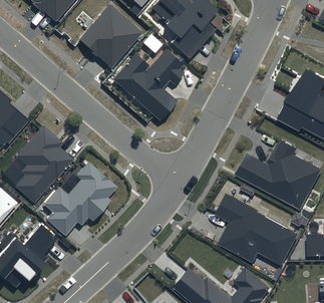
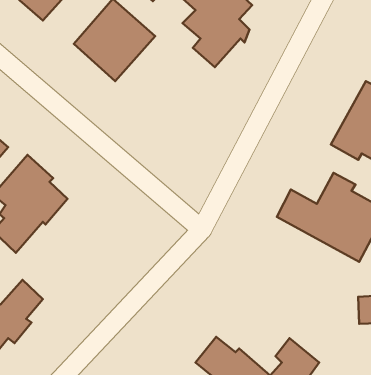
building: [113,49,184,118] -> none
building: [44,162,117,236] -> none
building: [216,194,299,264] -> none

